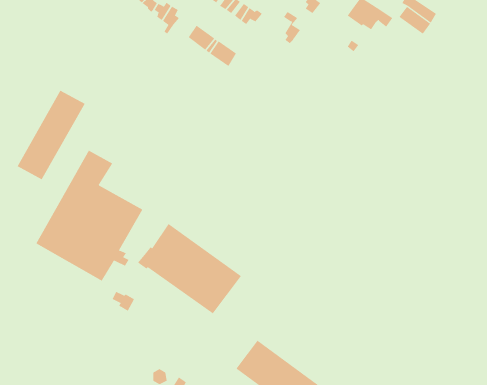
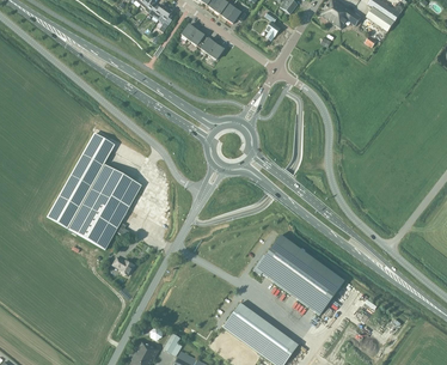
building: [17,90,85,180] -> none
building: [137,223,242,314] -> [252,233,344,314]

